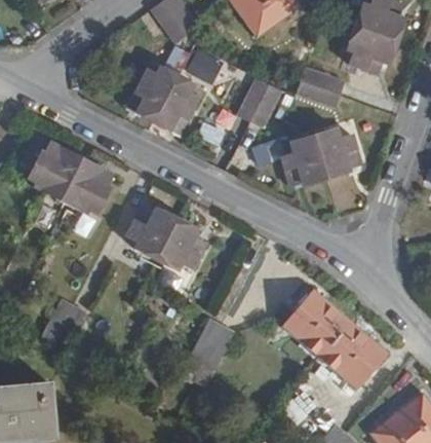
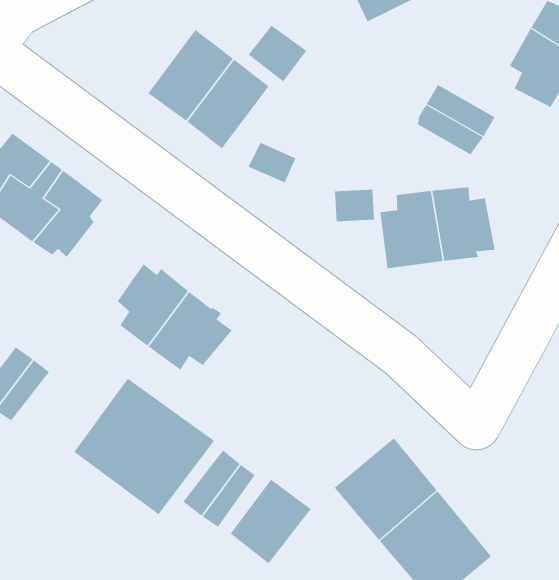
building: [240,77,284,126] -> none
building: none -> [73,378,215,515]
building: none -> [230,479,311,564]

